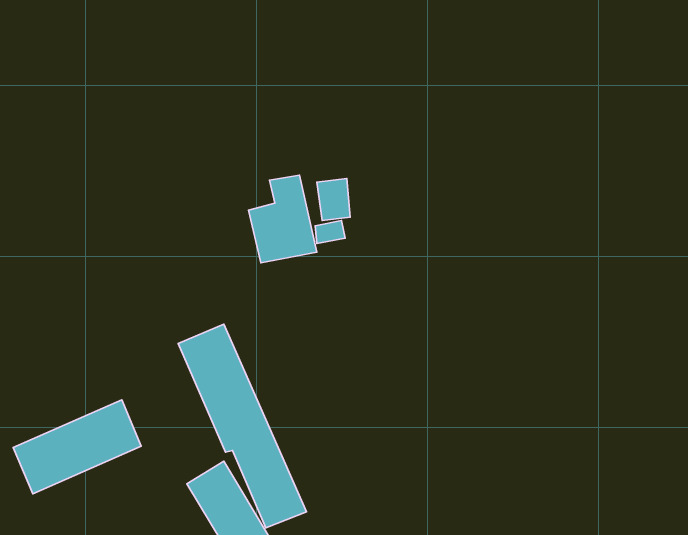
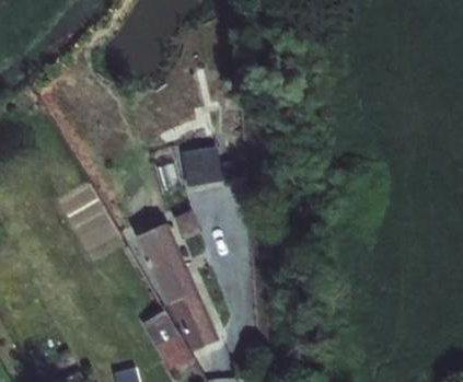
building: [13,400,141,494] -> none

